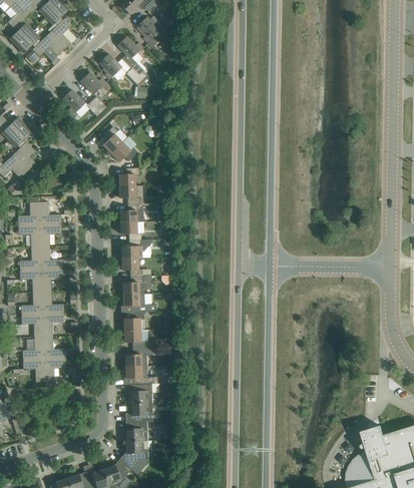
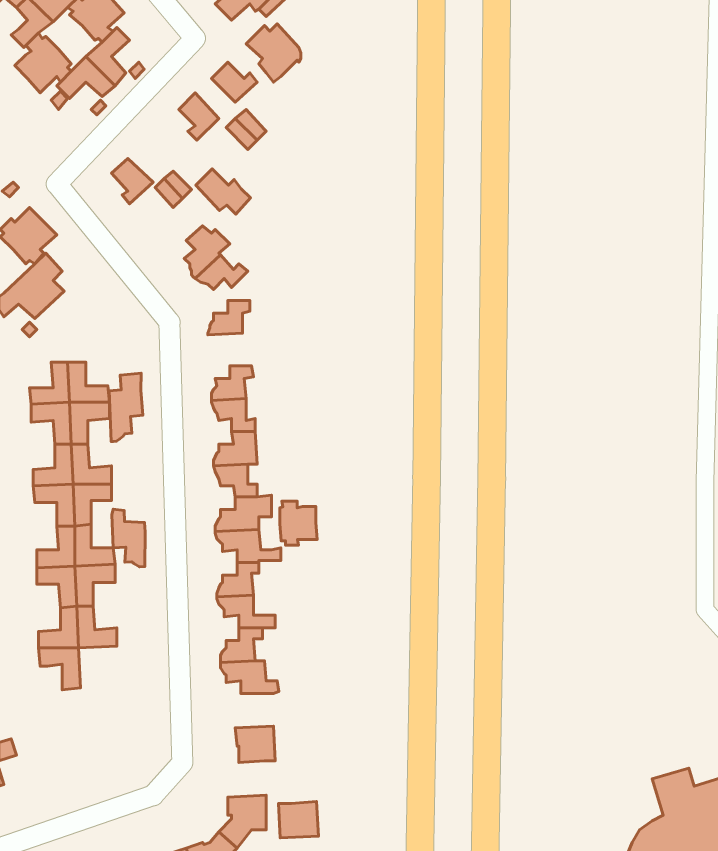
building: [80,71,110,96] -> [196,169,250,214]
building: [115,185,142,203] -> none
building: none -> [109,373,143,442]
building: none -> [280,501,317,545]
building: none -> [112,509,145,567]
building: [44,358,66,386] -> none
building: [130,384,151,403] -> none
building: [125,421,147,441] -> [278,802,318,838]

